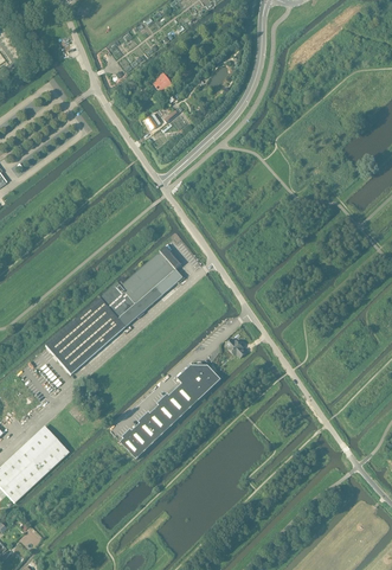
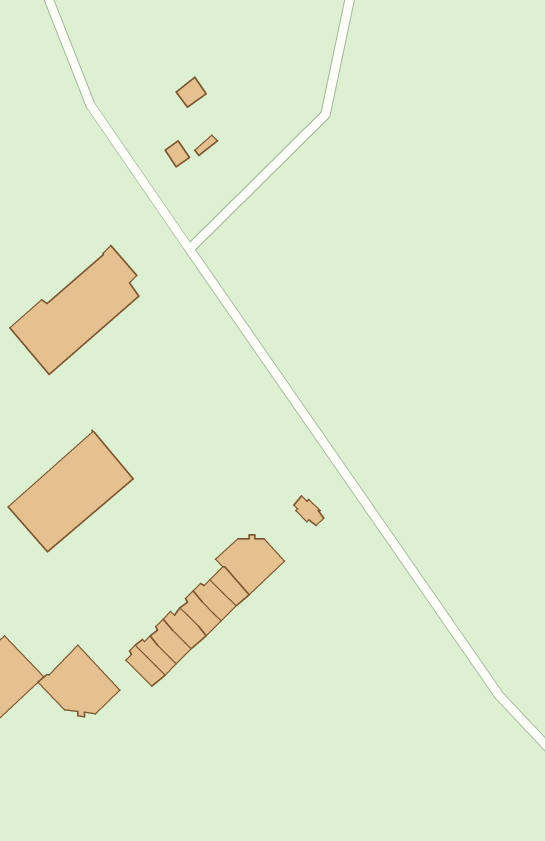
building: [101,245,182,327] -> [10,246,139,375]
building: none -> [38,645,120,717]

